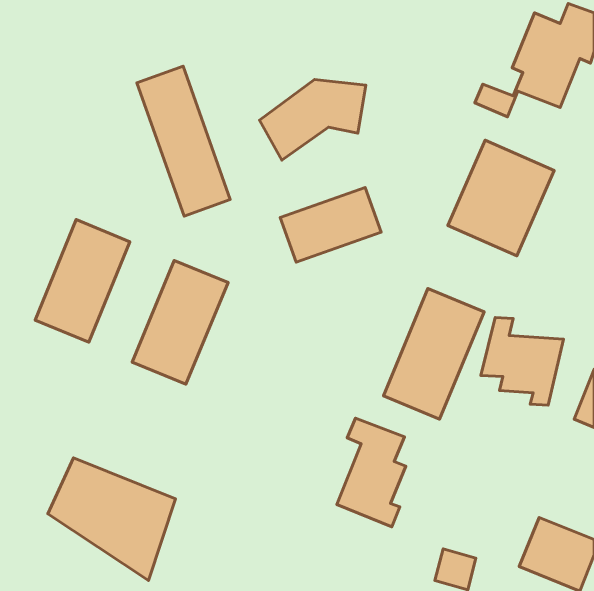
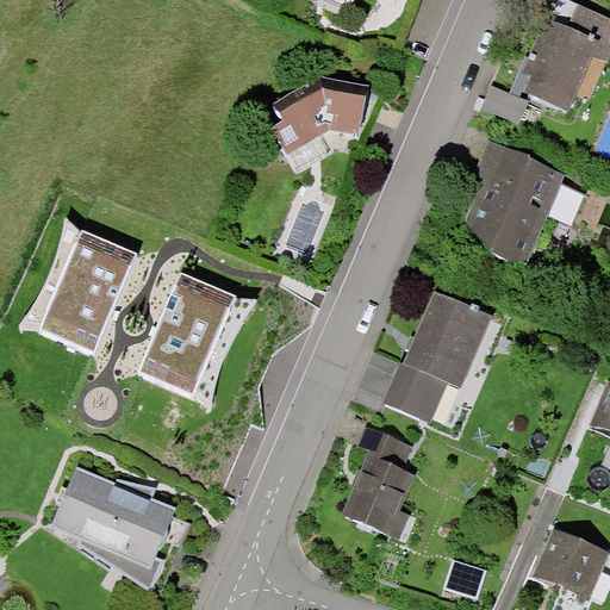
building: [137,66,230,216] -> none
building: [280,187,381,262] -> none
building: [481,317,564,405] -> none

